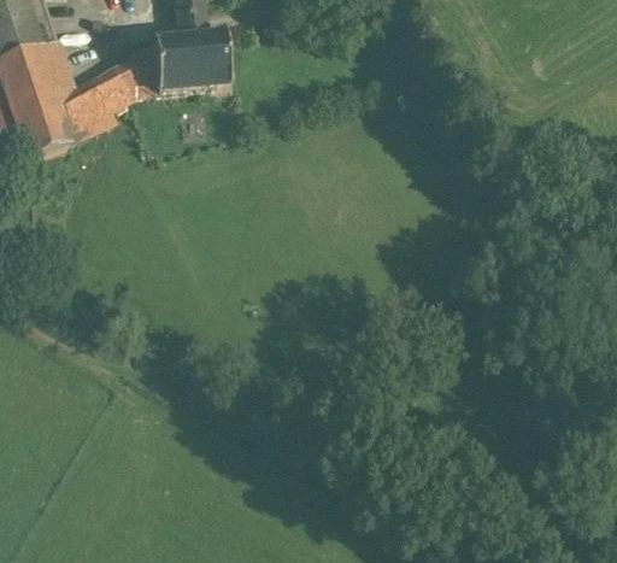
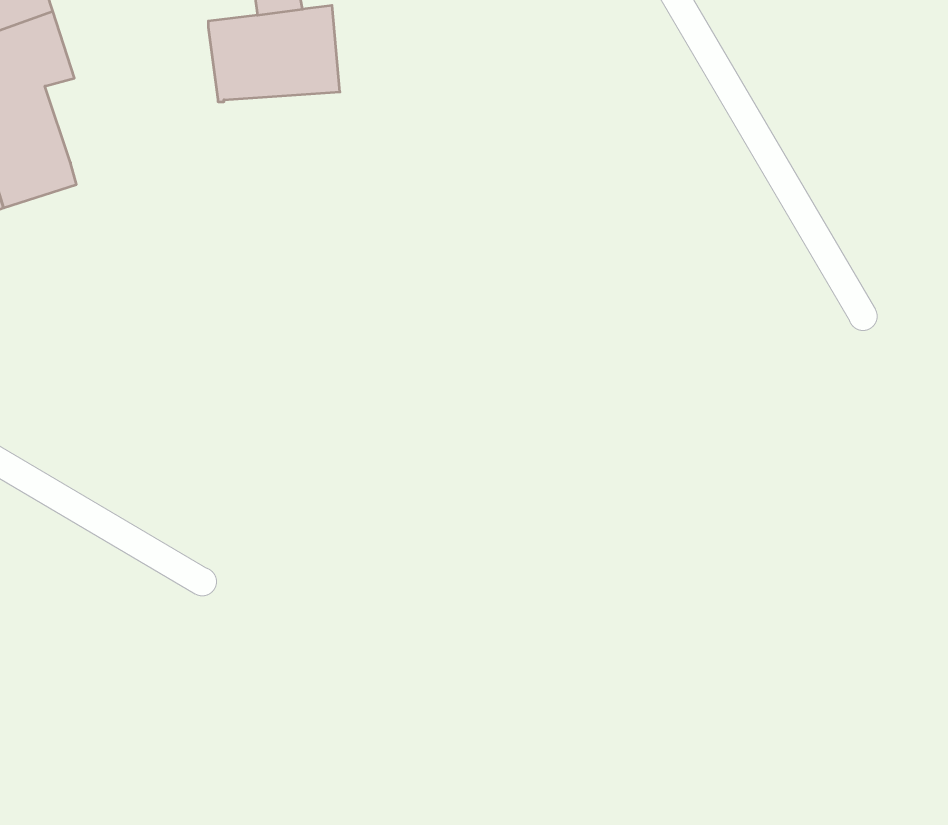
building: [49,48,155,131] -> none

